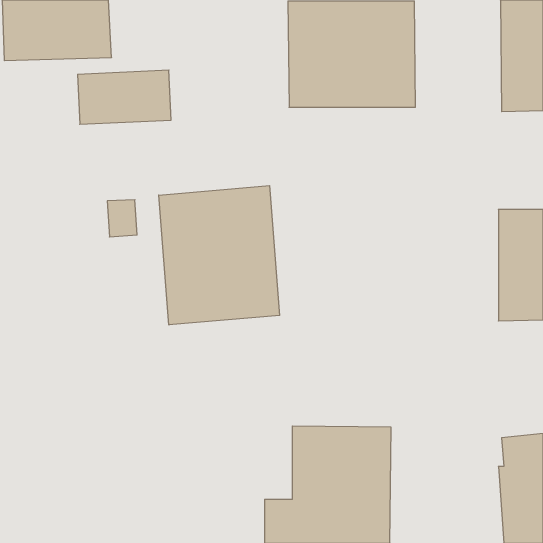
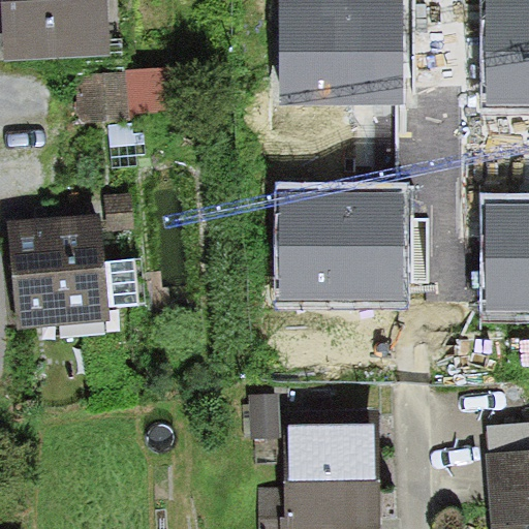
building: [159,186,280,325] -> none
building: none -> [279,191,402,295]
building: none -> [9,214,108,330]

